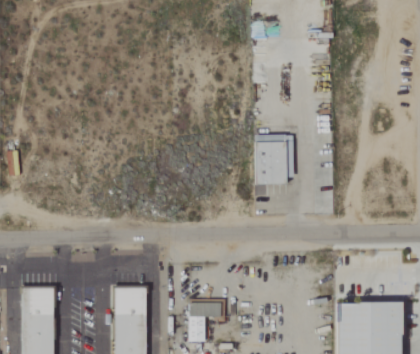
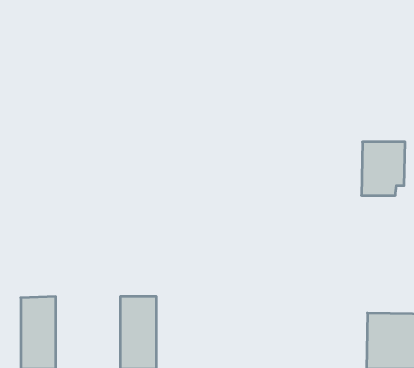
building: [253,136,293,185] -> [361,142,405,195]
building: [188,302,221,343] -> none

